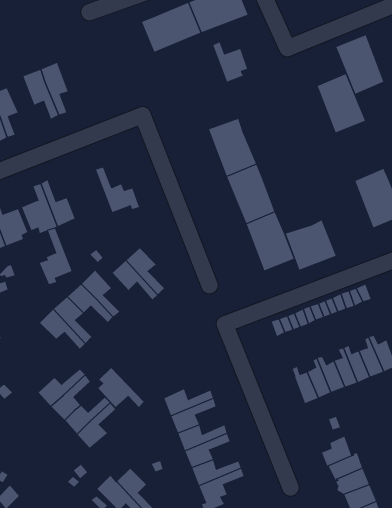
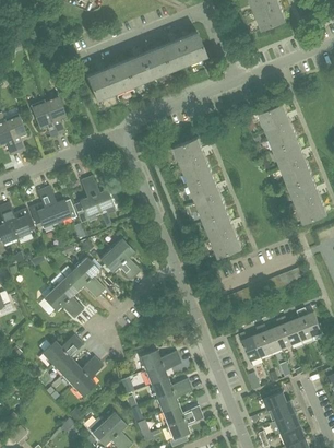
building: none -> [85,62,131,101]
building: [335,34,384,94] -> [273,140,311,187]
building: [212,42,248,82] -> none
building: [285,219,337,271] -> none
building: [39,228,72,285] -> [72,178,98,223]
building: [97,367,144,408] -> none

